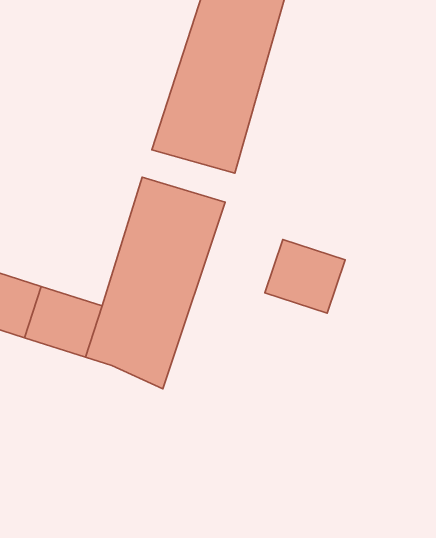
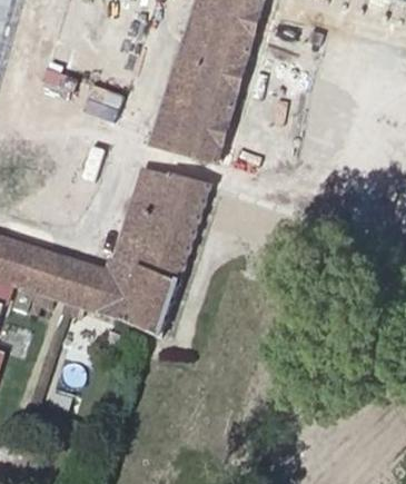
building: [265,239,345,313] -> none

